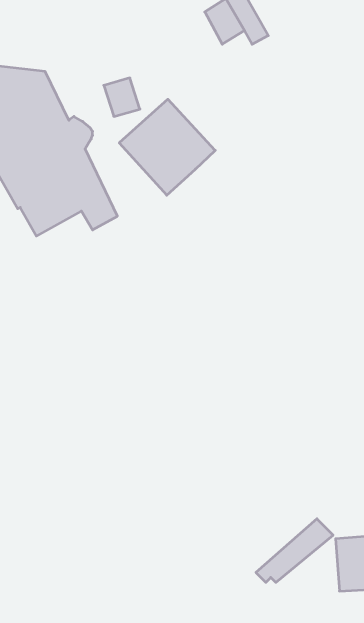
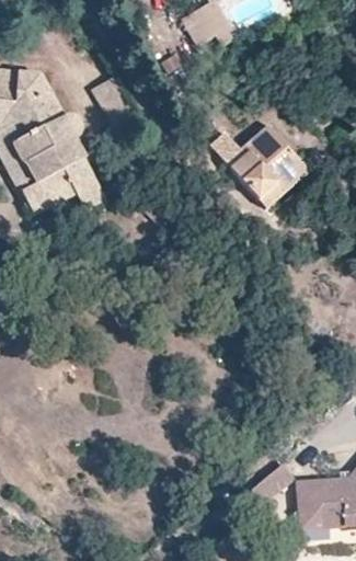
building: [119,99,215,195] -> [225,124,309,208]

